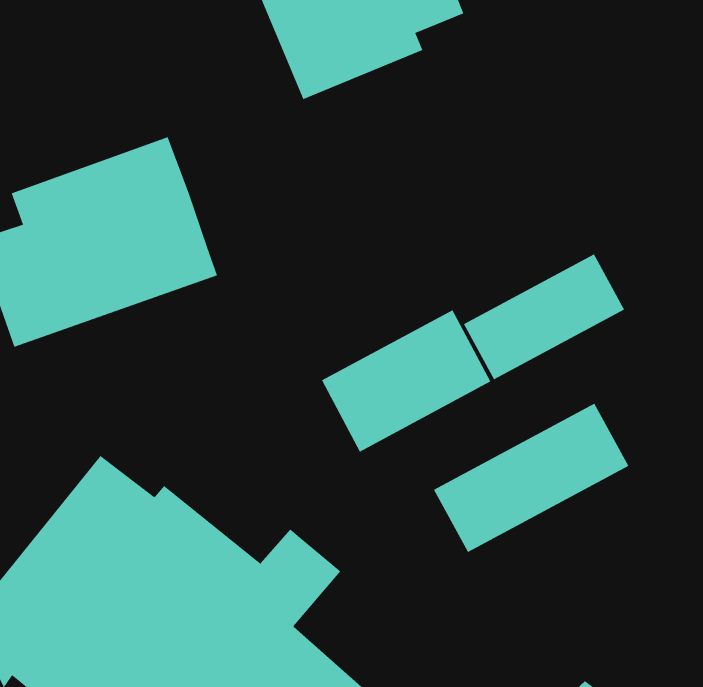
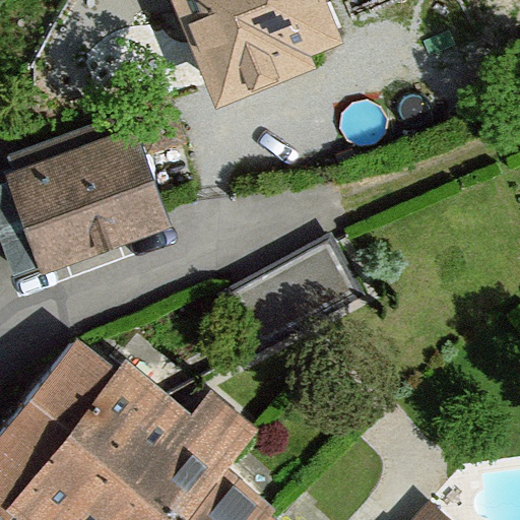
building: [463,254,625,380] -> none
building: [433,403,629,553] -> none

